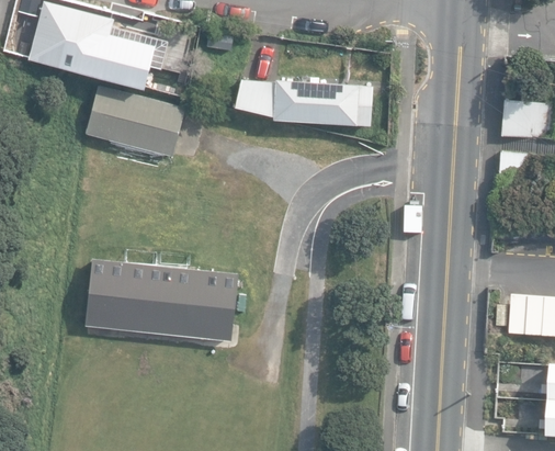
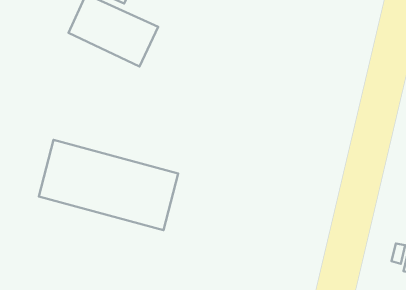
building: [235,80,371,126] -> none

